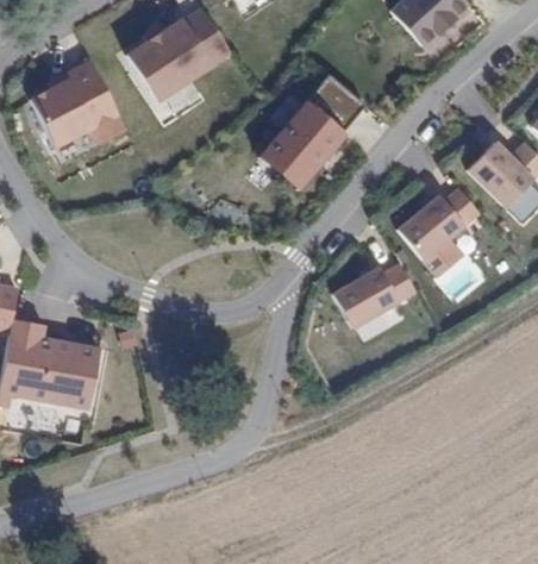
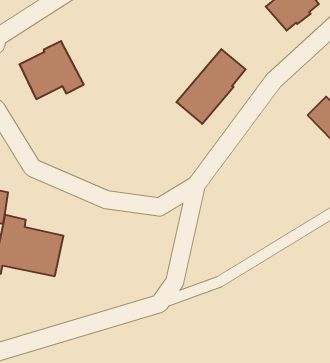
building: [131,8,236,100] -> none
building: [389,192,470,262] -> none
building: [324,265,406,328] -> none

